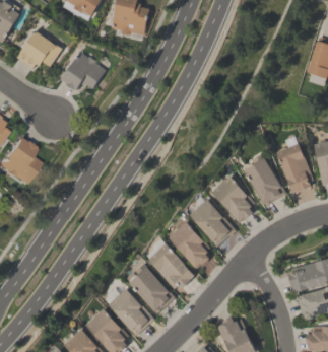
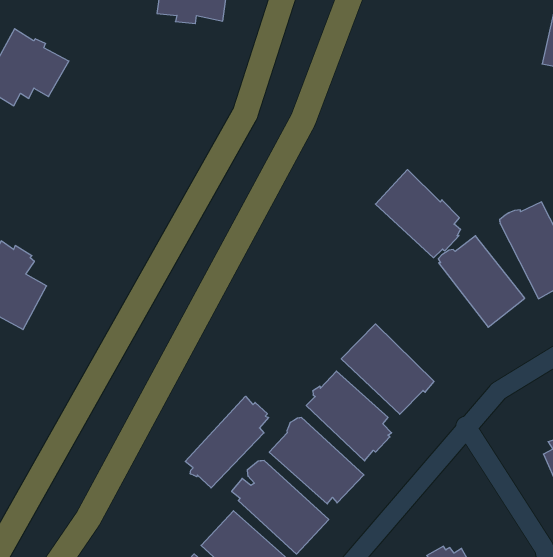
building: [61,52,106,90] -> none
building: [211,175,254,222] -> [375,170,461,258]
building: none -> [185,396,269,488]

